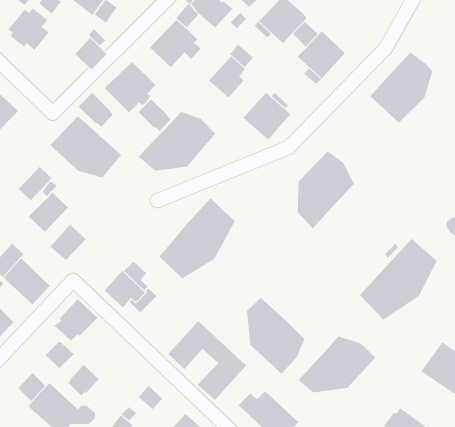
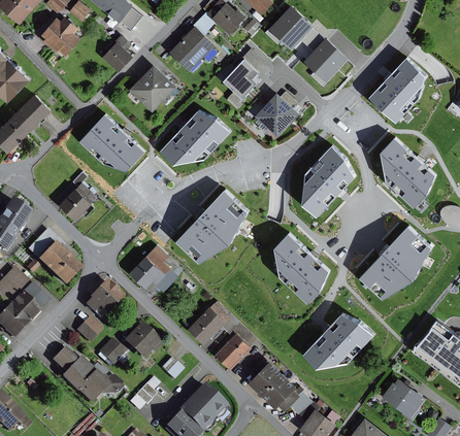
building: [78,92,113,128] -> none
building: [138,98,171,132] -> none
building: none -> [383,135,436,207]
building: [18,166,52,201] -> none
building: [50,224,87,261] -> none
building: [246,297,305,374] -> [277,232,331,302]
building: none -> [123,323,162,360]

